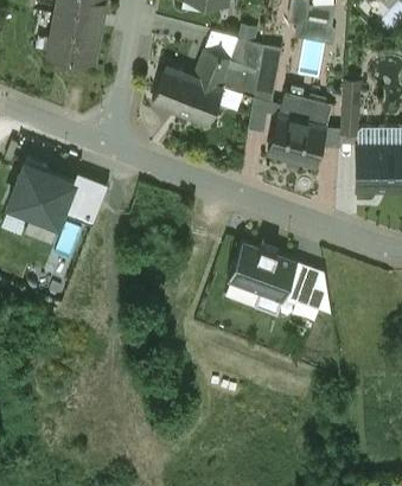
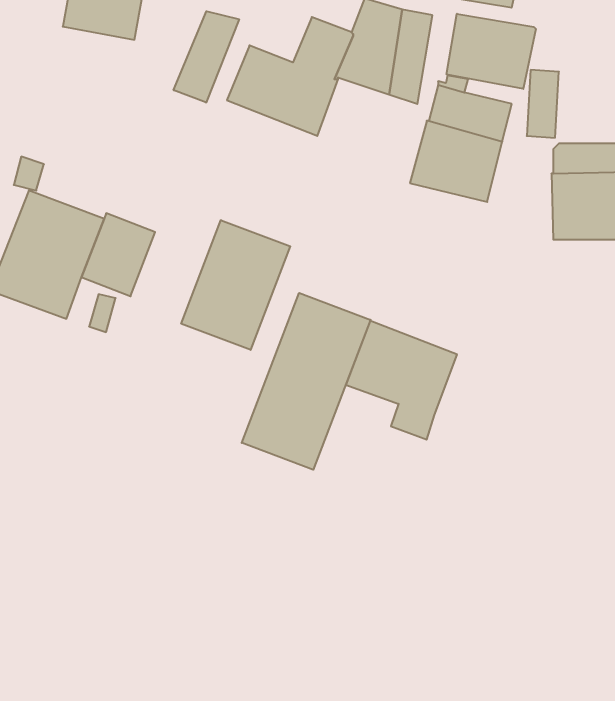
building: none -> [174,11,239,103]
building: none -> [447,14,536,89]
building: none -> [181,220,290,350]
building: none -> [242,293,371,470]
building: [282,262,330,313] -> none

